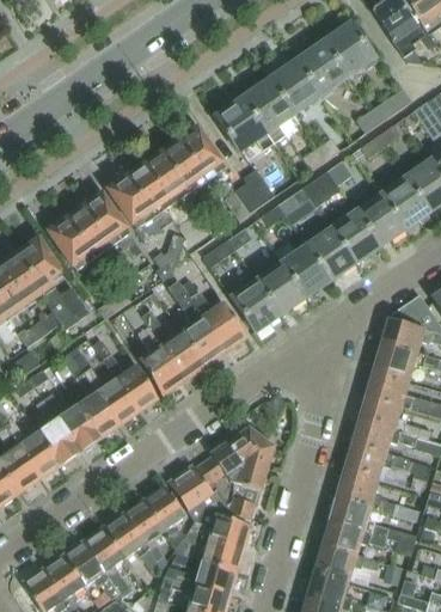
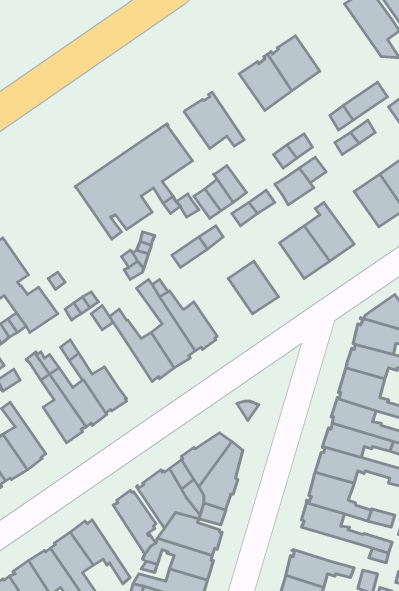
building: [323,23,374,76] -> none
building: [241,79,293,143] -> none
building: [48,194,143,270] -> none
building: [350,194,404,245] -> none
building: [282,244,331,296] -> none
building: [231,273,281,331] -> none
building: [137,326,183,393] -> none
building: [44,393,99,449] -> none
building: [124,500,167,570] -> none
building: [320,521,386,555] -> none

